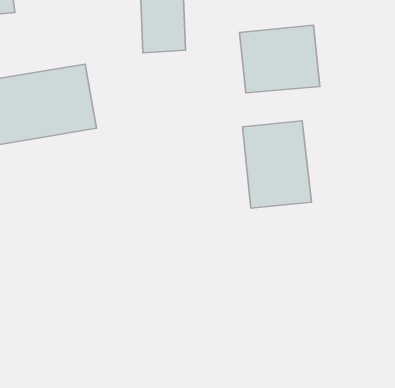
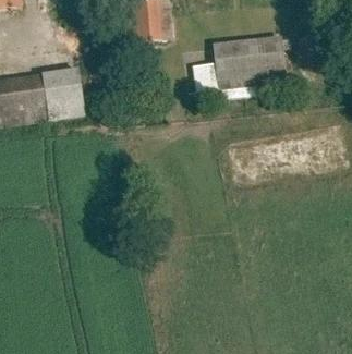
building: [242,121,312,208] -> none

